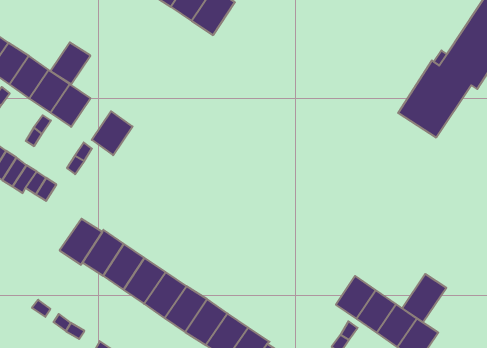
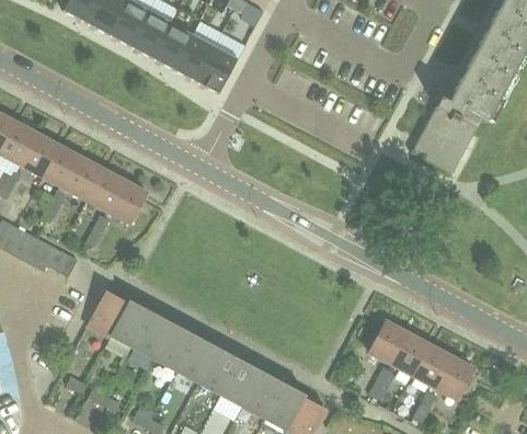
building: [50,42,90,84] -> [87,169,125,210]
building: [402,274,446,322] -> none

